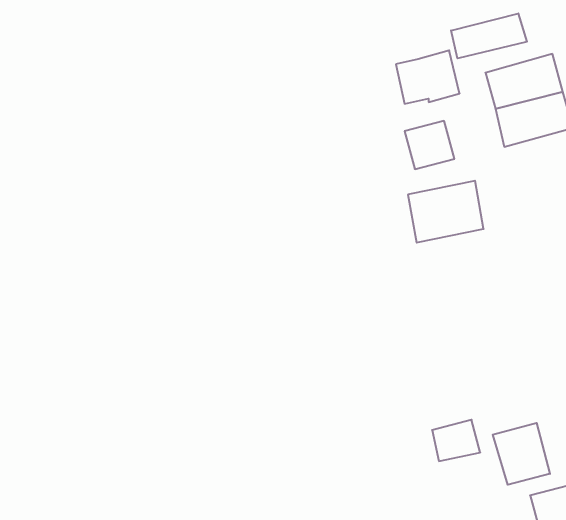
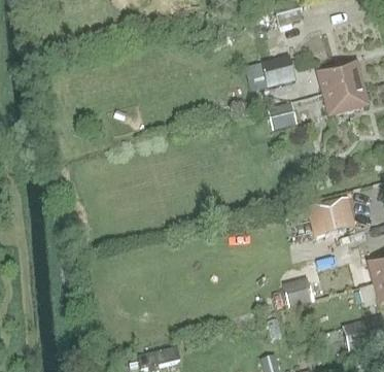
building: [451,13,527,58] -> none
building: [408,181,484,243] -> [308,198,353,235]
building: [493,423,550,485] -> none

